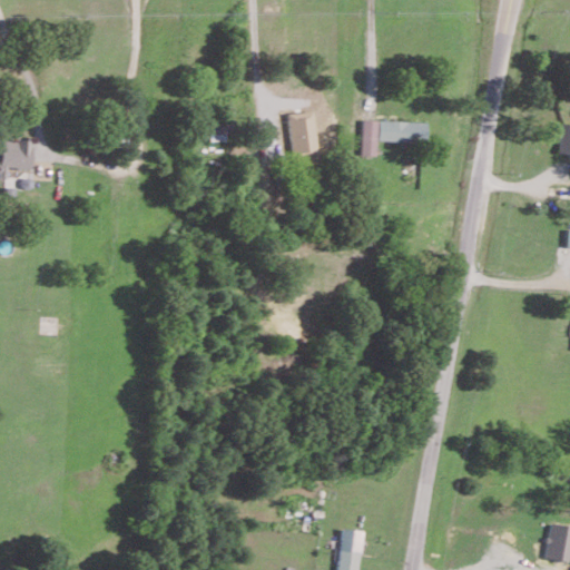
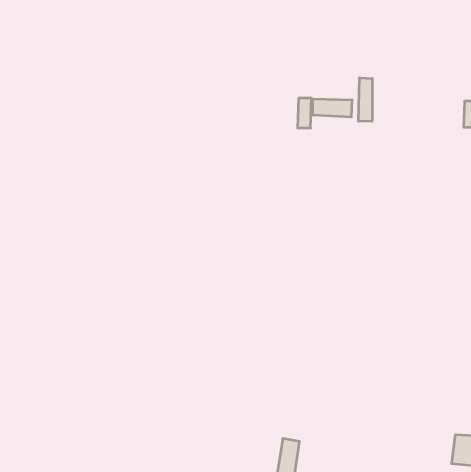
building: none -> [359,78,372,121]
building: [286,110,318,159] -> none

